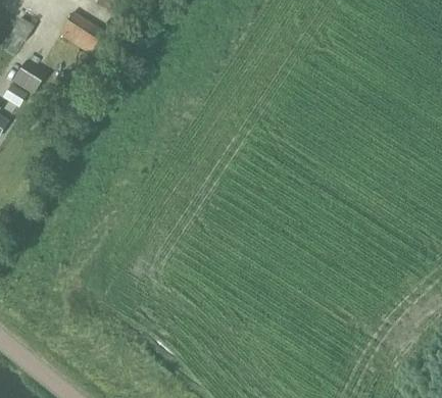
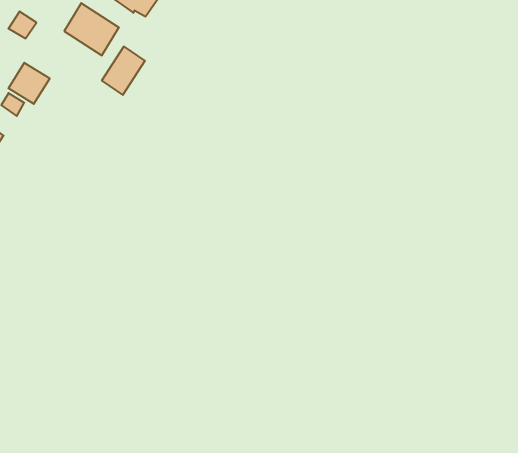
building: none -> [102,46,145,95]

